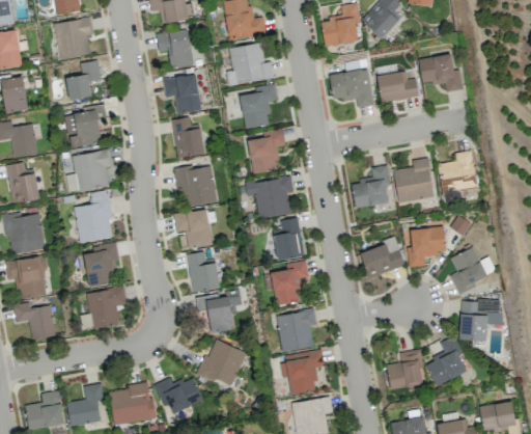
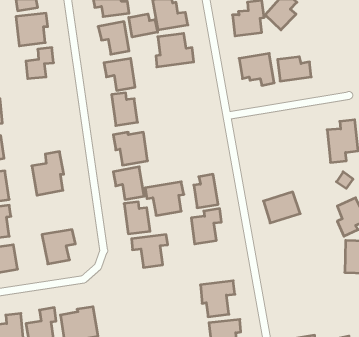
building: none -> [129,14,158,37]
building: [418,54,464,92] -> none
building: [240,84,278,129] -> none
building: [65,105,107,148] -> none
building: [247,129,286,173] -> none
building: [66,150,113,193] -> none
building: [394,158,434,202] -> none
building: [352,165,390,207] -> none
building: [246,177,294,218] -> [145,182,184,215]
building: [407,226,447,268] -> none
building: [84,243,119,287] -> none
building: [276,308,317,352] -> none
building: [426,336,470,385] -> none
building: [198,341,246,386] -> none
building: [387,350,424,388] -> none
building: [155,378,203,413] -> none

